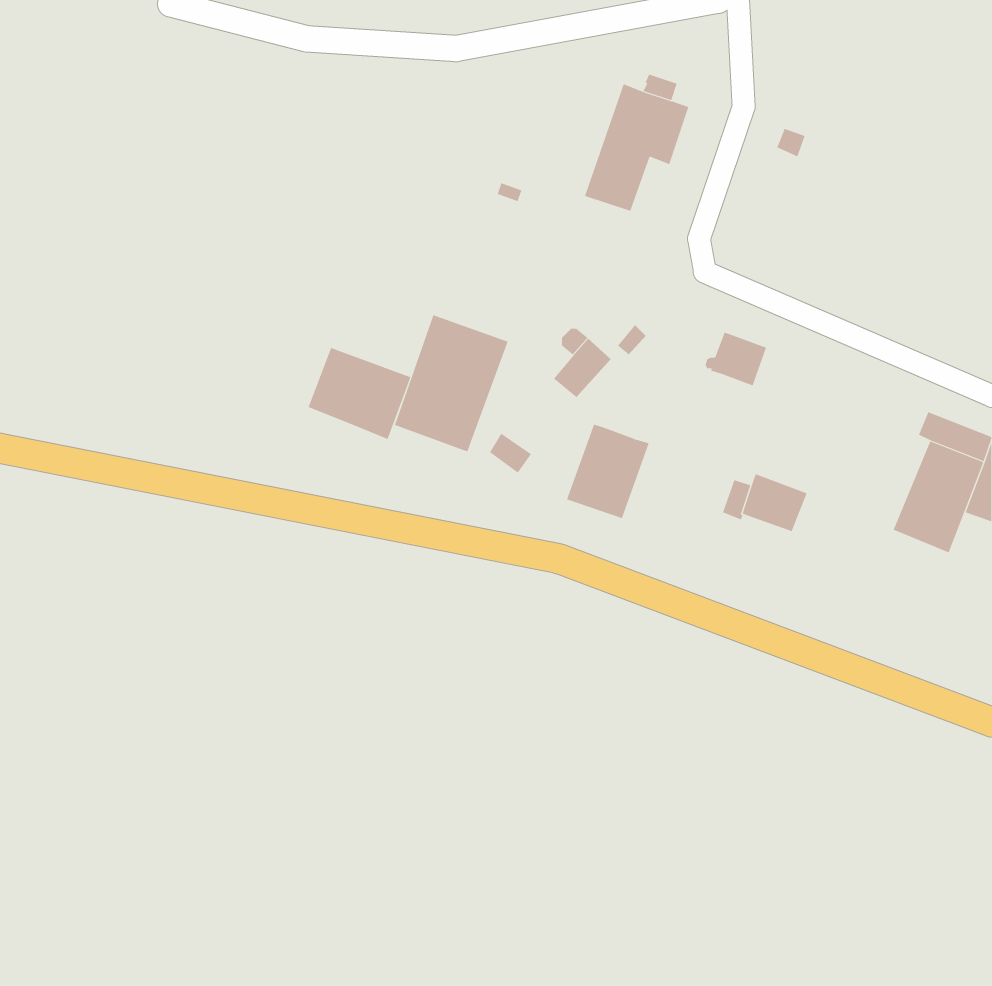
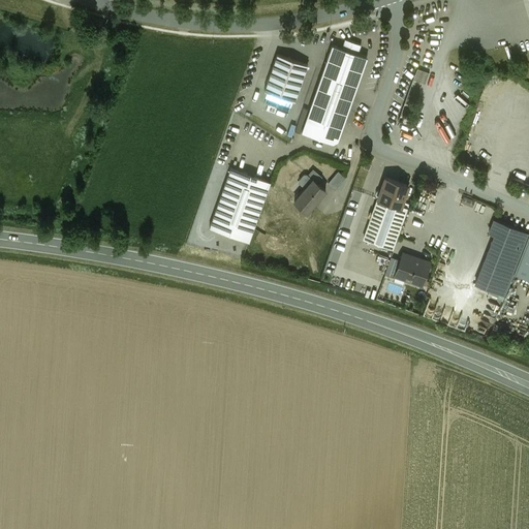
building: none -> [264,57,308,103]
building: none -> [305,87,356,135]
building: [308,347,411,440] -> none
building: [566,424,650,519] -> [364,200,408,251]

